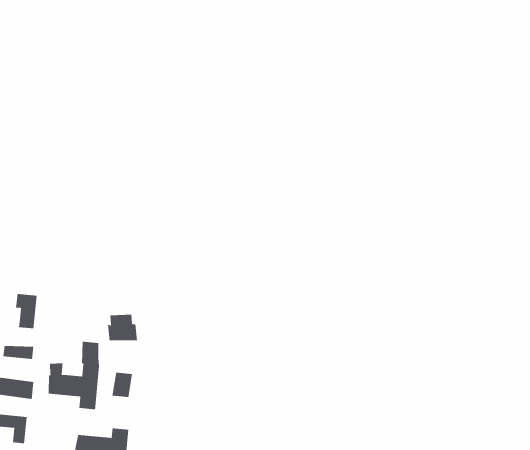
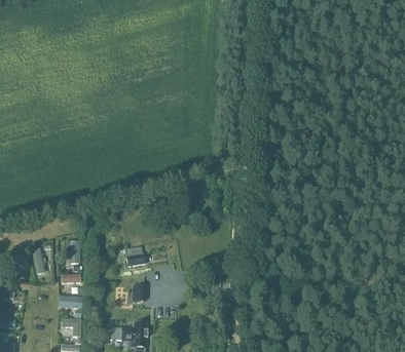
building: [48,341,100,410] -> none

